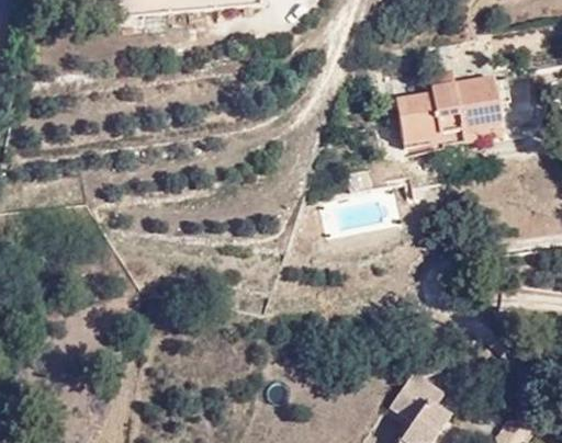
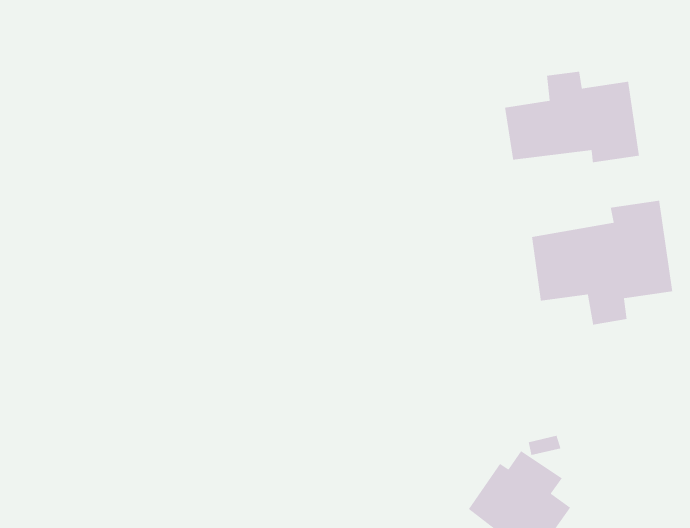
building: none -> [531,200,673,325]

